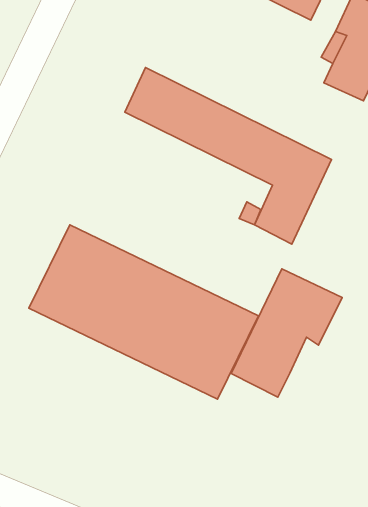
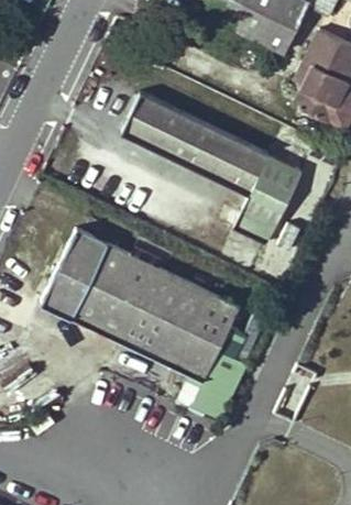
building: [231,269,342,397] -> none

